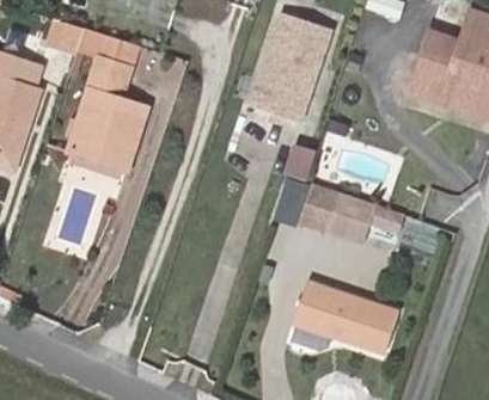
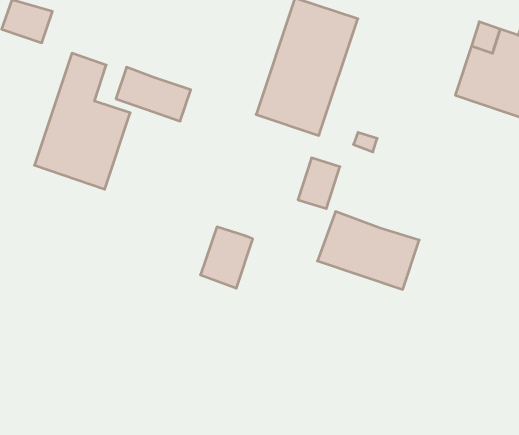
building: [79,26,139,69] -> [116,67,191,121]
building: [270,177,312,226] -> [200,227,253,288]
building: [293,277,399,351] -> none

